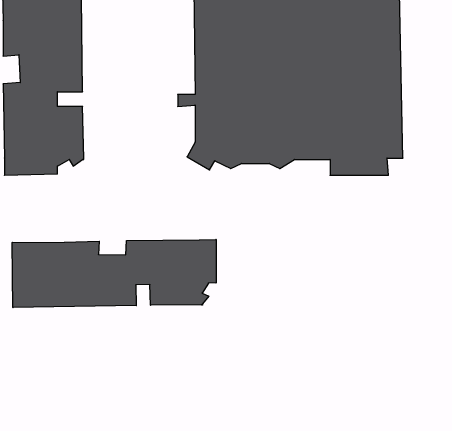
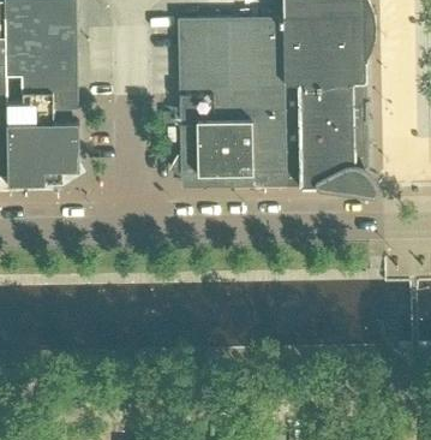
building: [12,239,216,308] -> none

